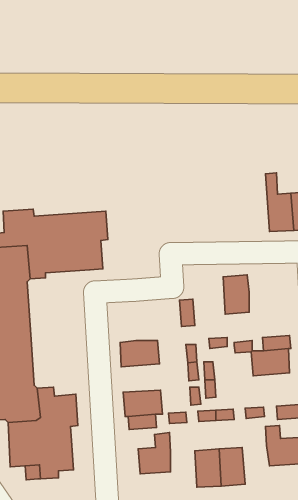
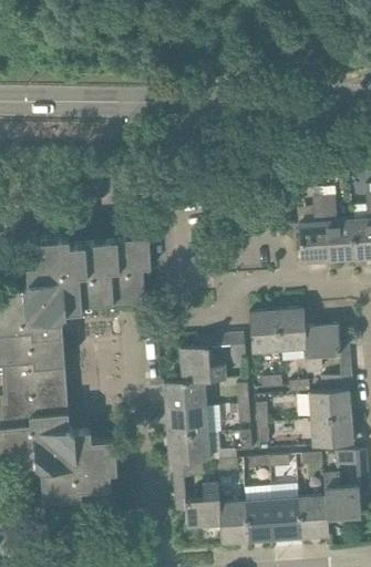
building: none -> [298,197,328,262]
building: none -> [249,310,279,352]
building: none -> [306,324,340,370]
building: none -> [179,344,227,380]
building: none -> [165,405,208,436]
building: none -> [310,415,352,446]
building: none -> [298,495,330,537]
building: none -> [219,501,248,543]

